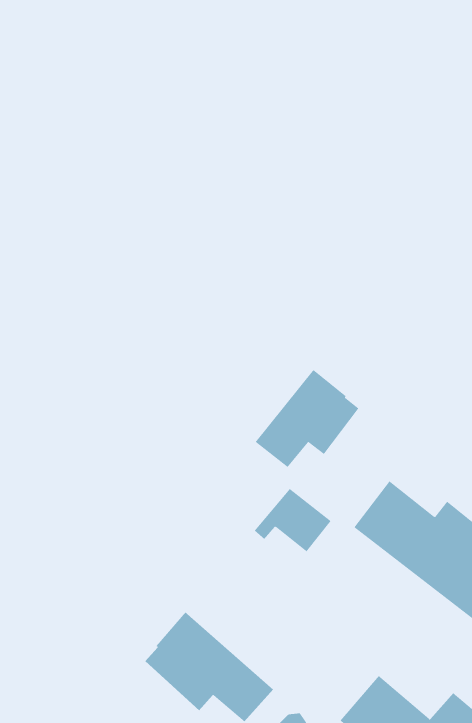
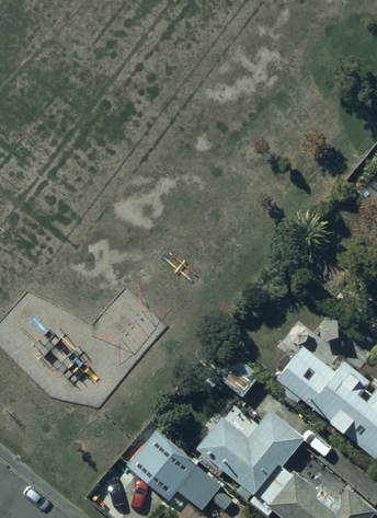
building: [255,369,359,468] -> none
building: none -> [197,419,300,502]

